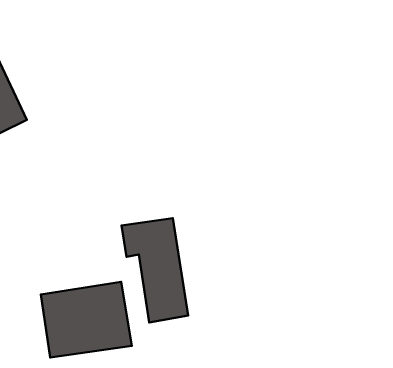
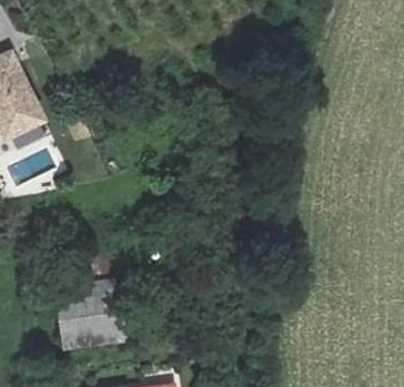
building: [121,218,188,323] -> none

